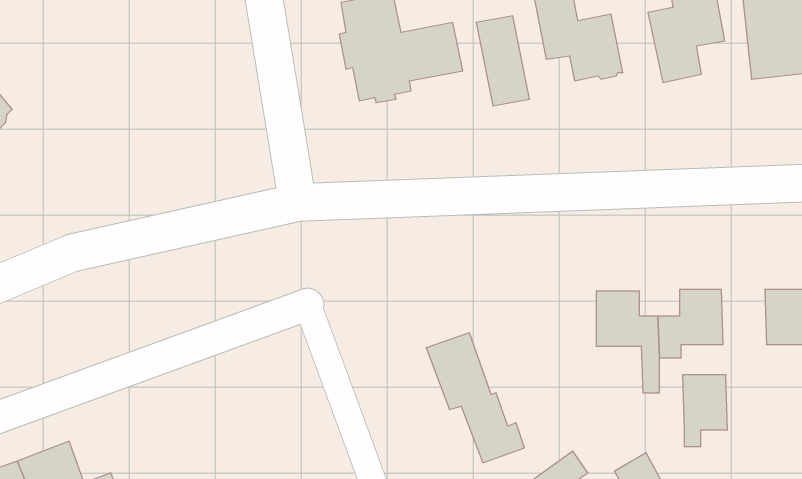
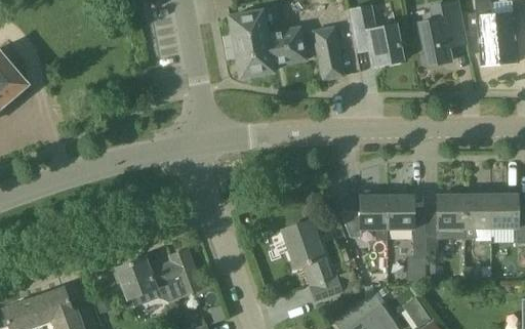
building: none -> [341,190,387,236]
building: [683,375,728,446] -> [463,194,491,238]
building: none -> [116,250,201,305]

